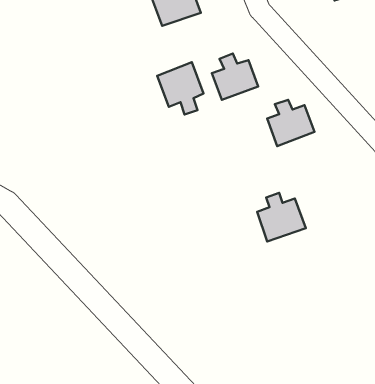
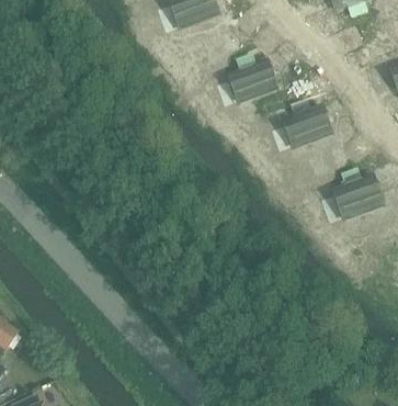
building: [157,62,203,114] -> none
building: [257,193,306,241] -> [333,170,382,218]

